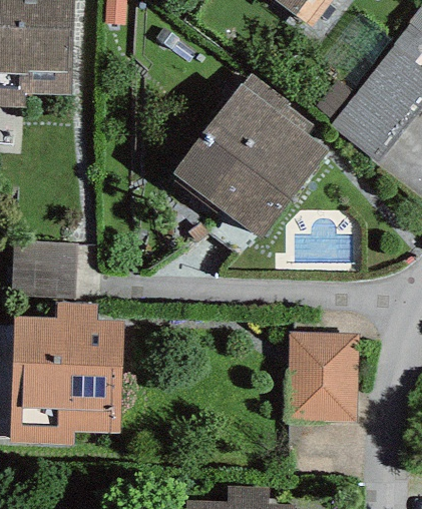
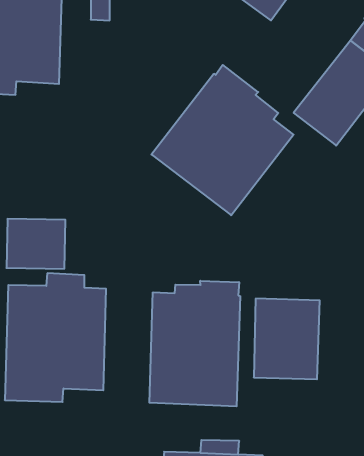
building: none -> [149,281,240,406]

